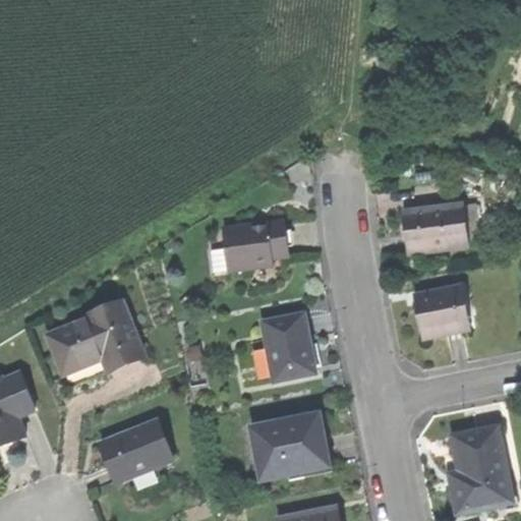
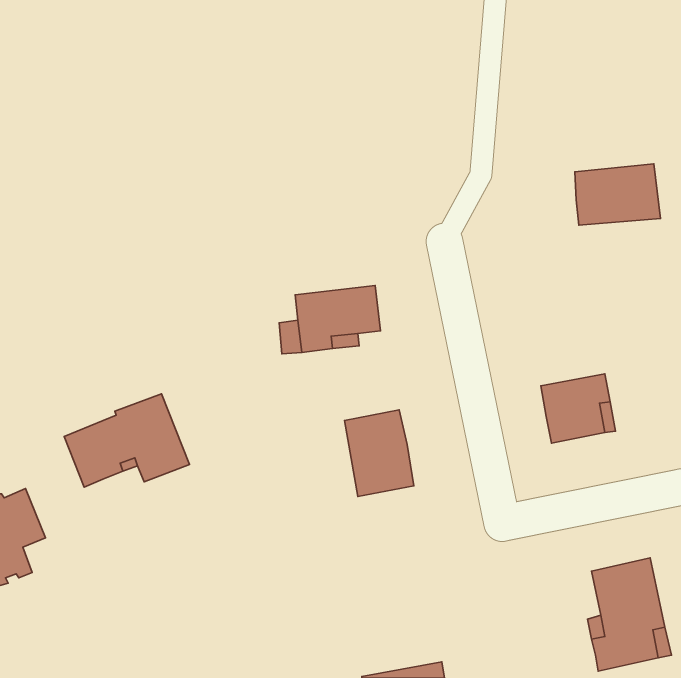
building: [403,204,468,250] -> [575,164,660,225]
building: [251,412,329,478] -> none
building: [100,421,172,482] -> none

